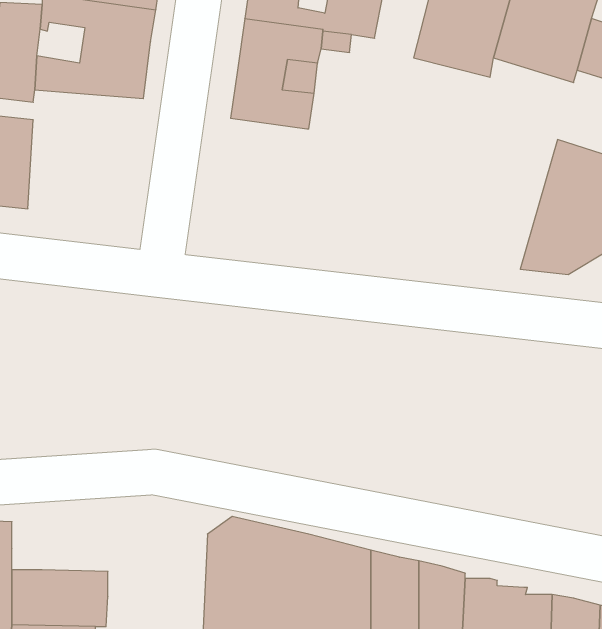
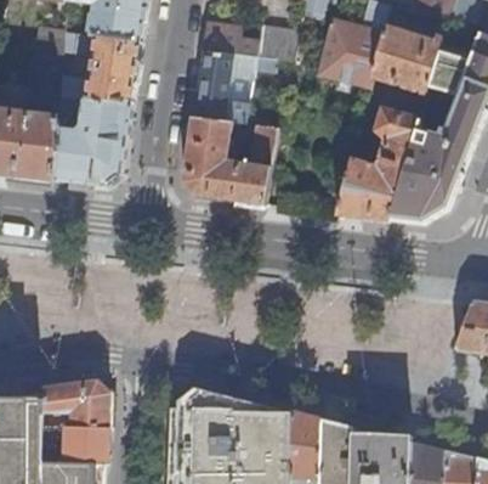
building: none -> [52,100,131,186]
building: none -> [335,109,416,220]
building: none -> [181,117,277,206]
building: none -> [41,381,108,427]

